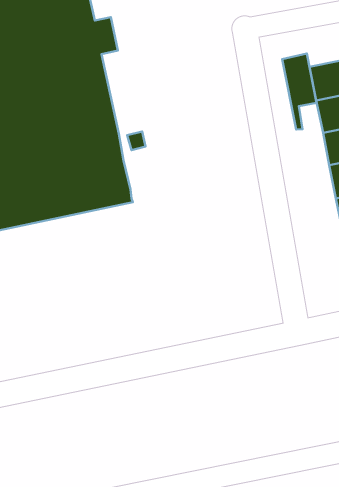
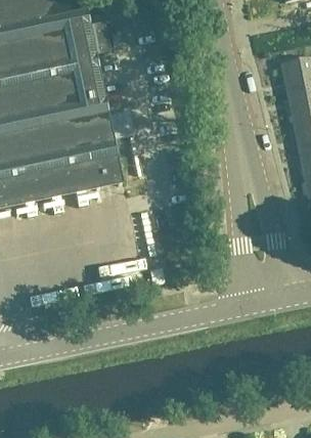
building: [282,53,317,130] -> none

